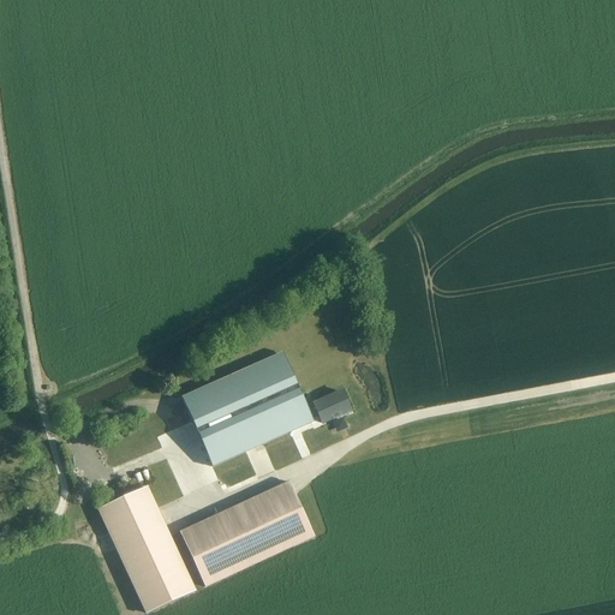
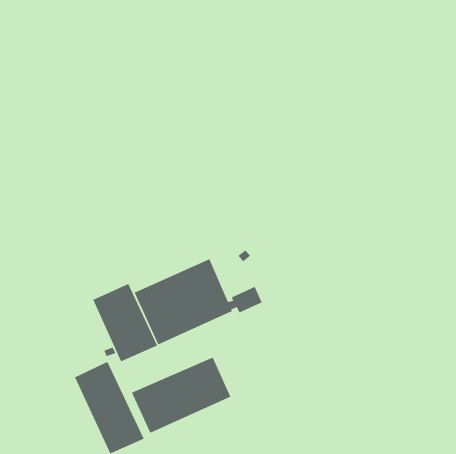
building: none -> [92,283,158,362]

